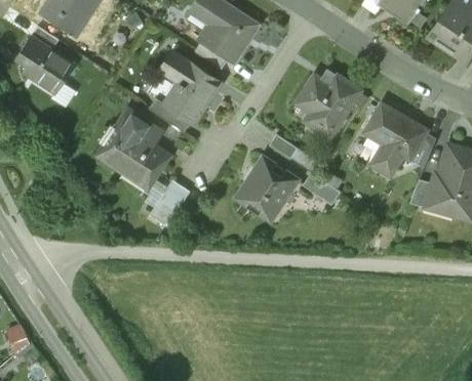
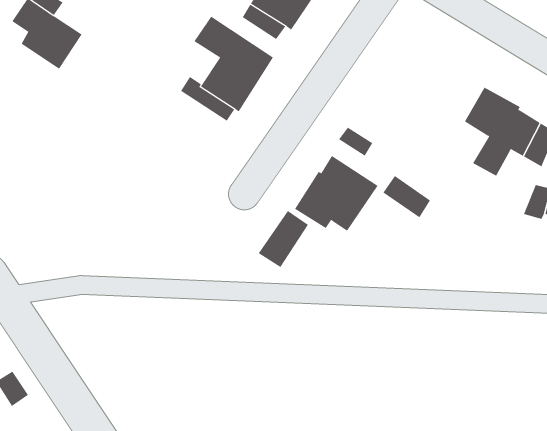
building: [297,74,359,136] -> none
building: [99,112,167,181] -> none
building: [149,181,188,225] -> [258,210,309,268]

